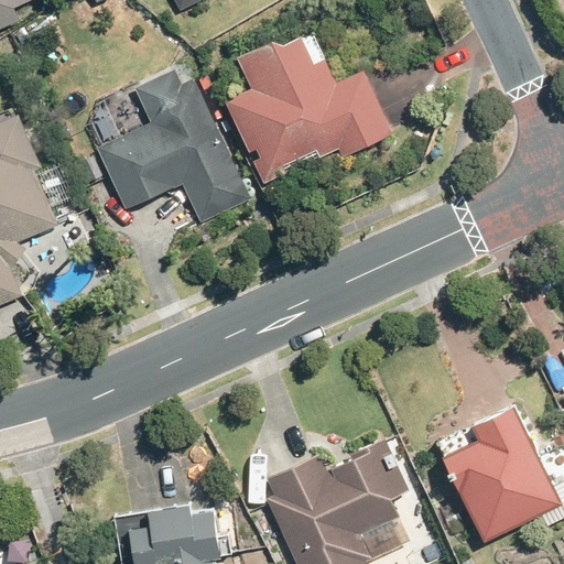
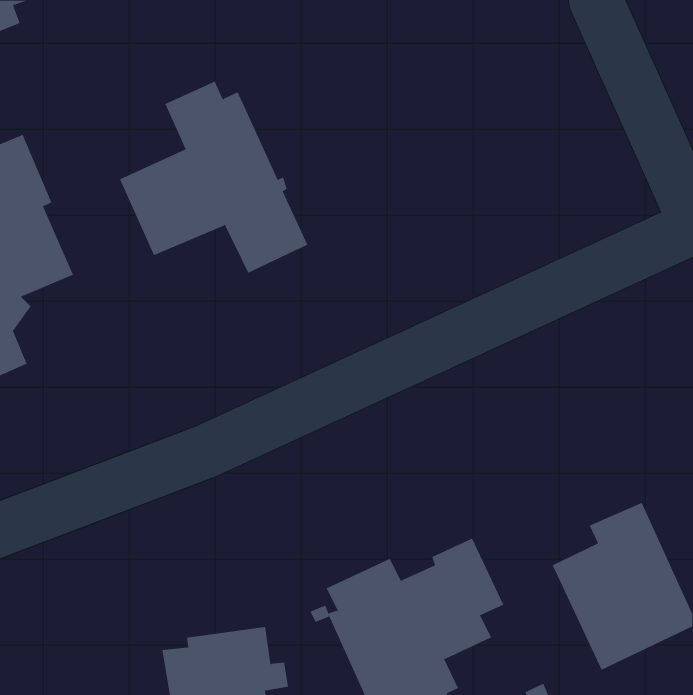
building: [226,35,392,185] -> none

